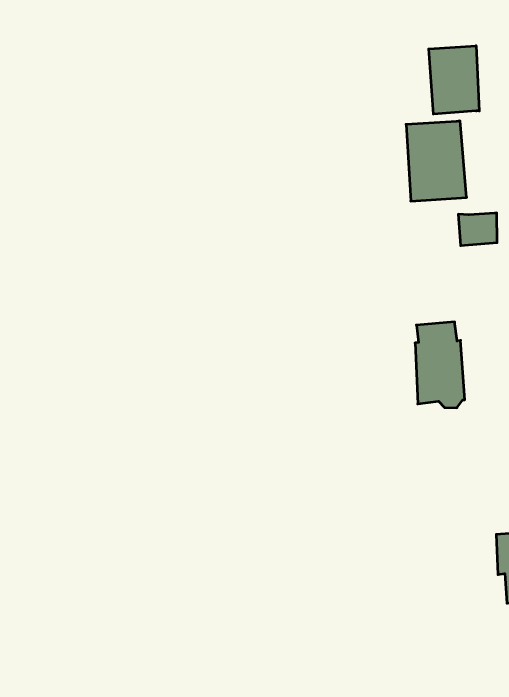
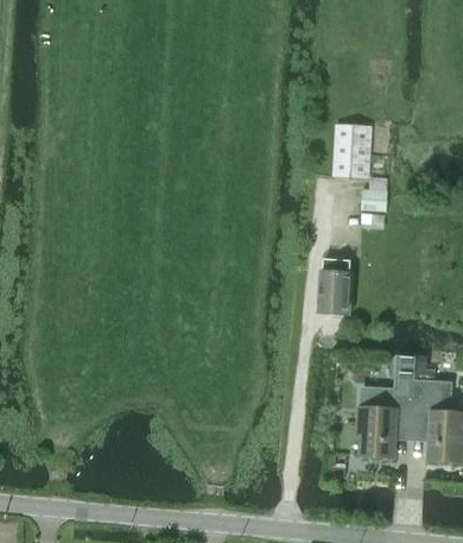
building: [429,46,479,114] -> none

